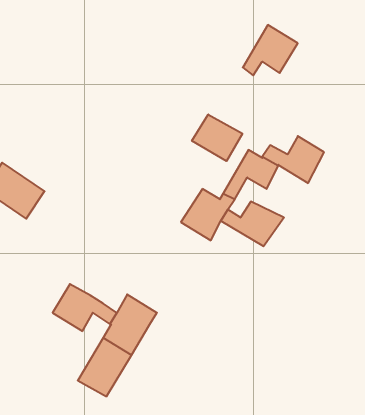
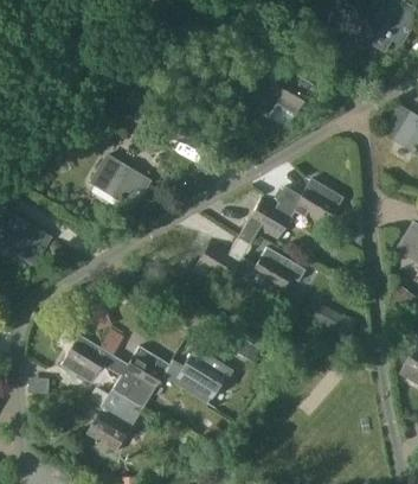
building: [192,114,242,161] -> none
building: none -> [99,160,150,210]
building: none -> [161,355,224,403]

